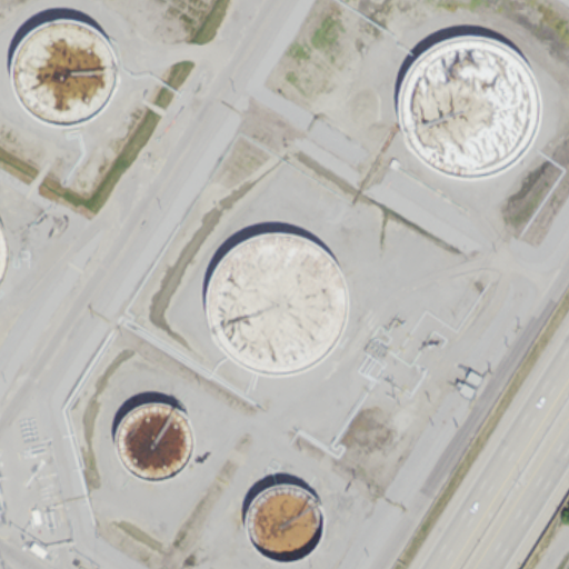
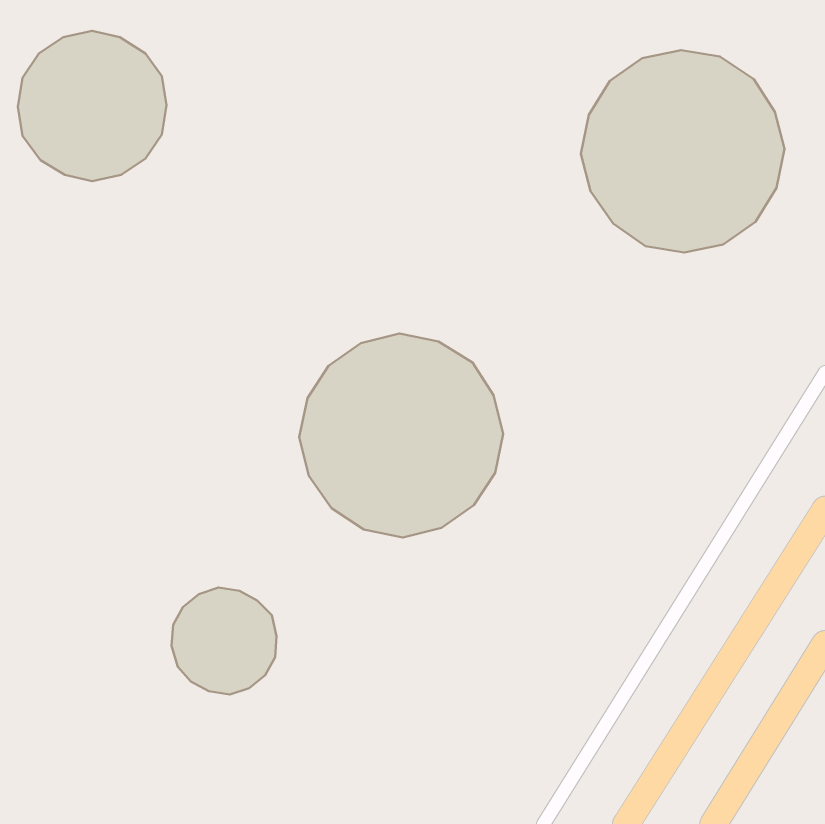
building: [248,485,321,558] -> none

